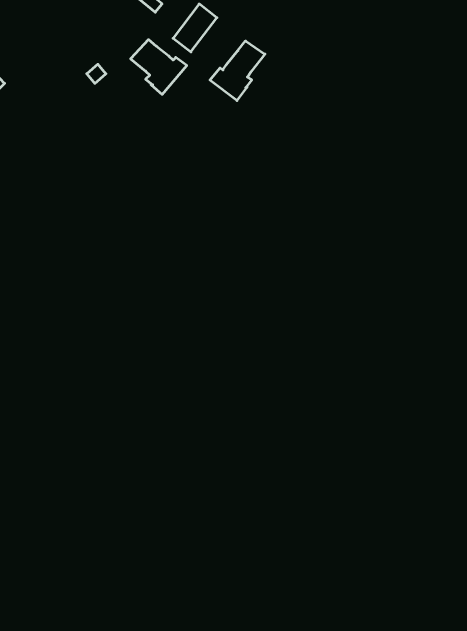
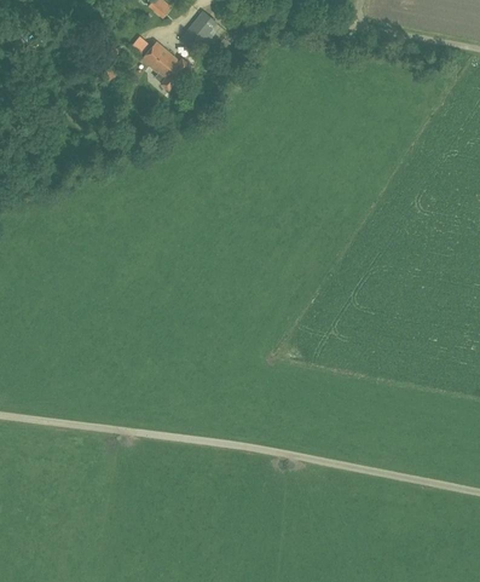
building: [210,41,265,101] -> none

